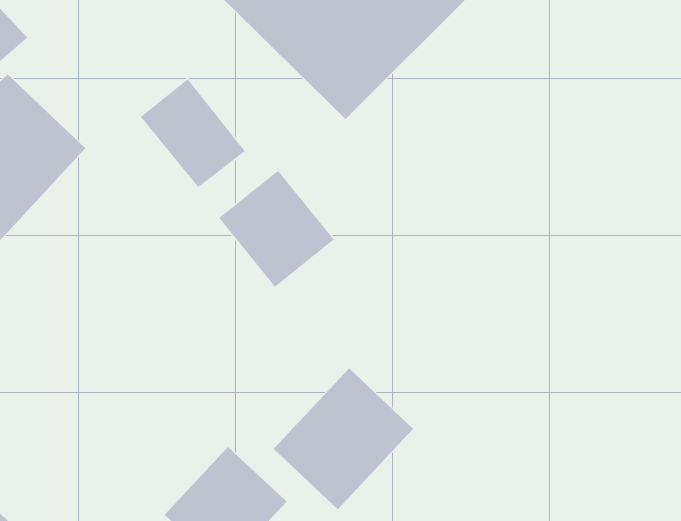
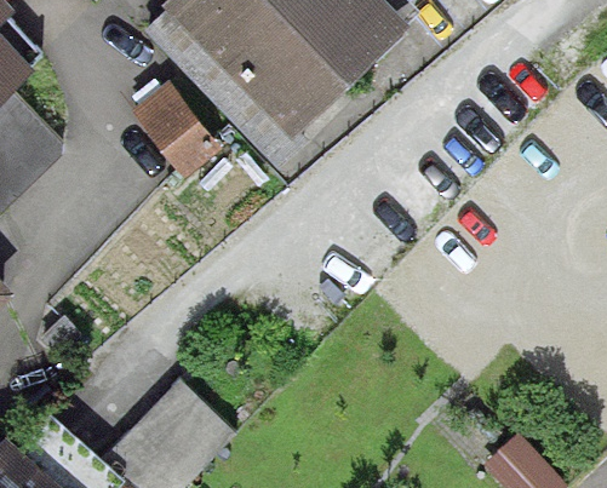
building: [218,170,335,288] -> none
building: [273,367,414,510] -> none

